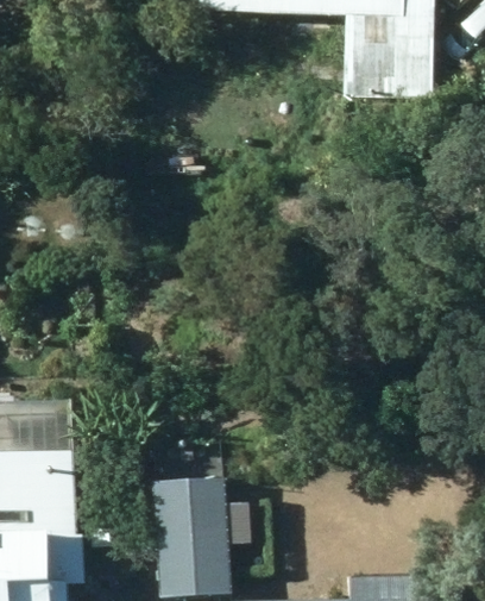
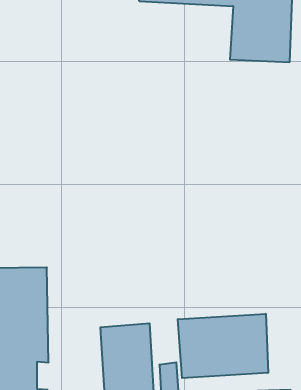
building: none -> [178,314,268,378]

